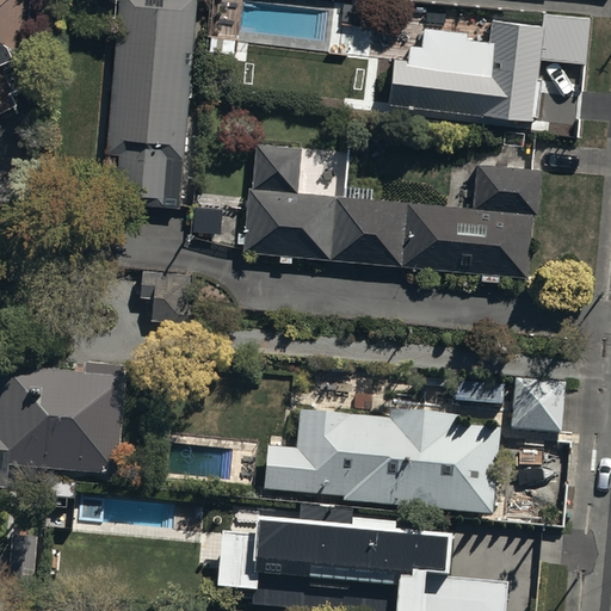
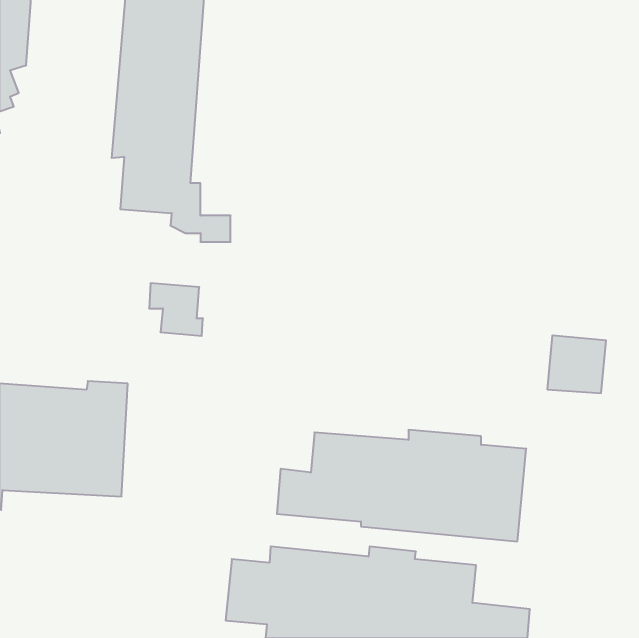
building: [387,12,591,116] -> none
building: [246,142,539,279] -> none
building: [510,378,566,433] -> [547,335,606,393]

